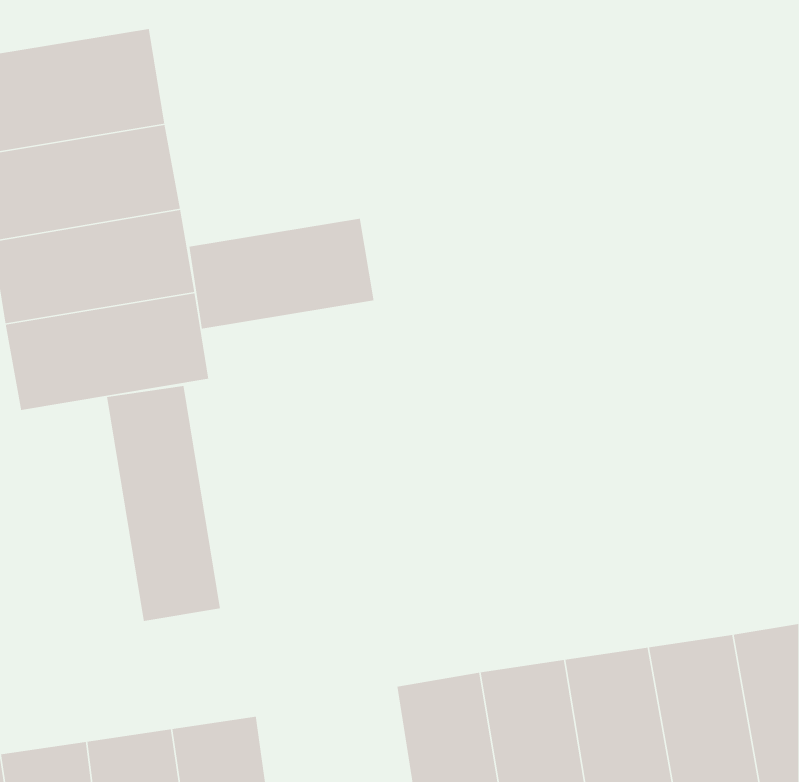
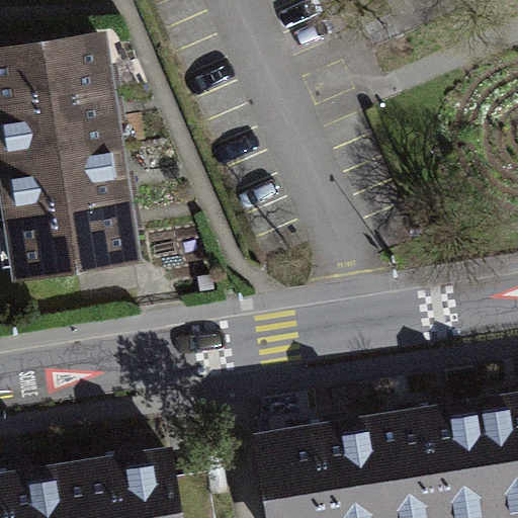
building: [189,218,374,329] -> none
building: [106,385,221,622] -> none

